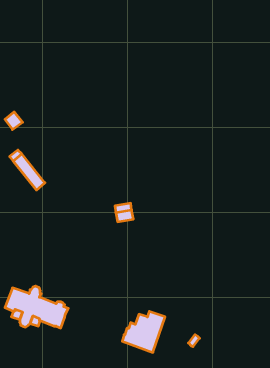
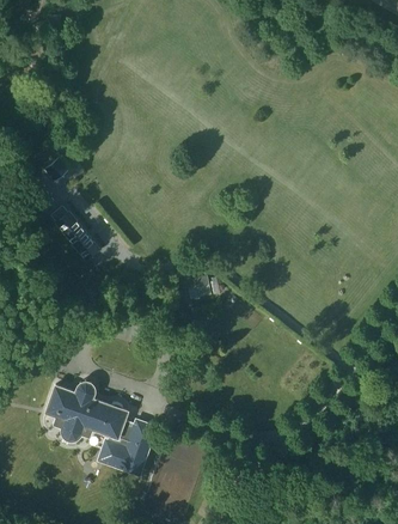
building: [122,311,165,352] -> [99,420,154,473]

